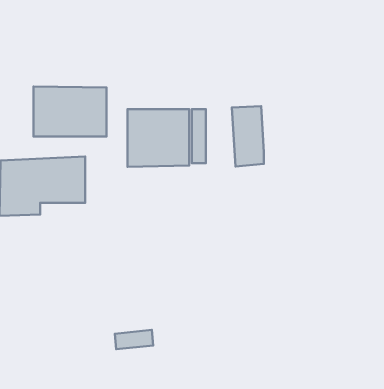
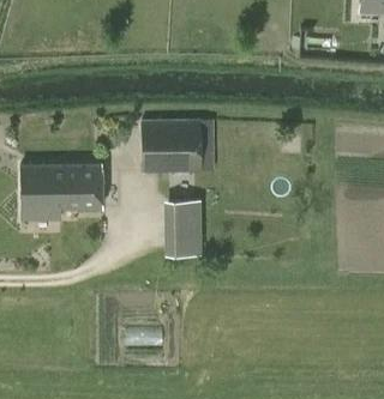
building: [33,86,107,137] -> none
building: [232,106,264,166] -> [169,201,199,258]

